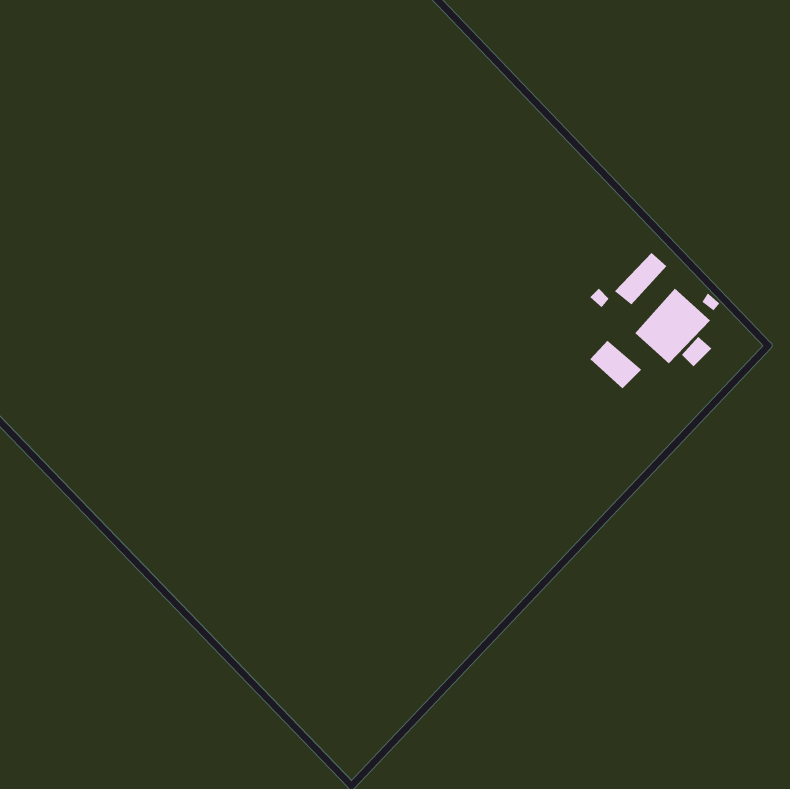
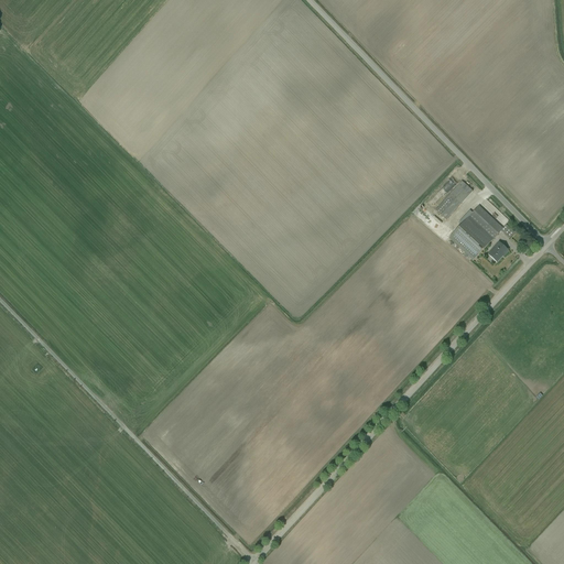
building: [590,340,642,389] -> none

